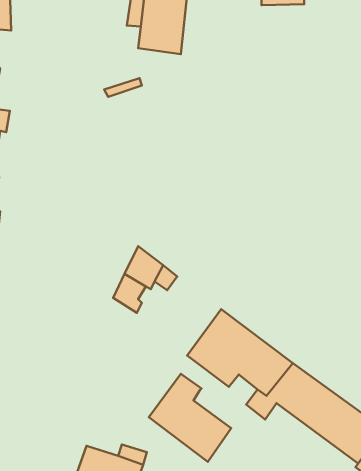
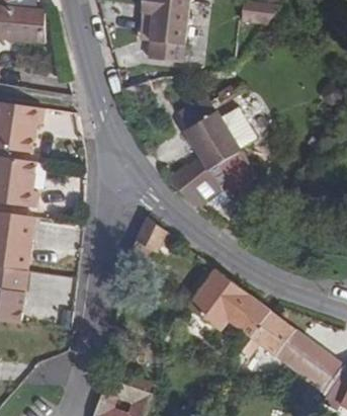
building: none -> [168,106,257,207]
building: [149,374,231,462] -> none

